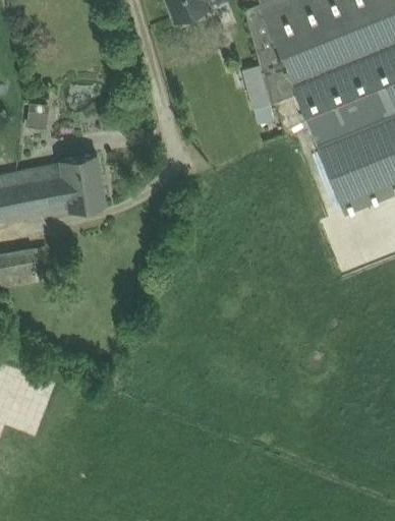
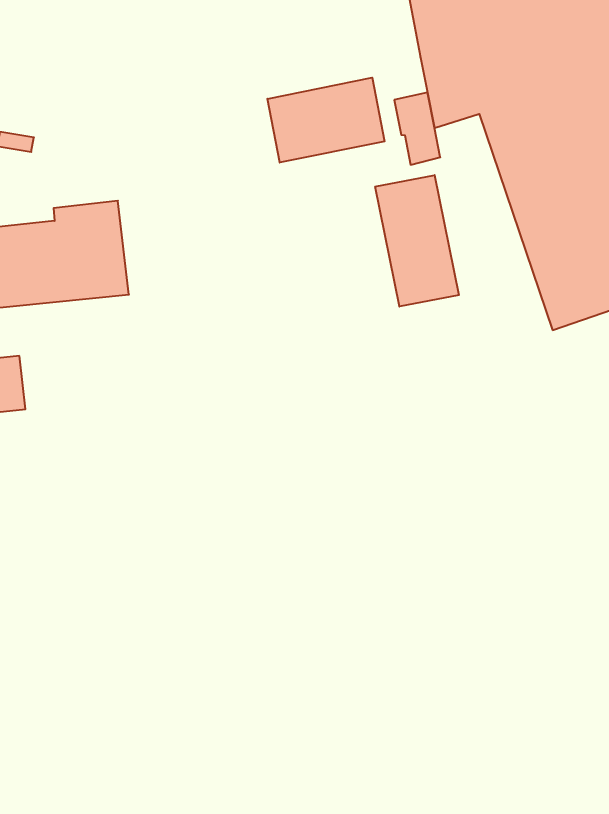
building: none -> [267,78,385,163]
building: none -> [375,175,459,307]

